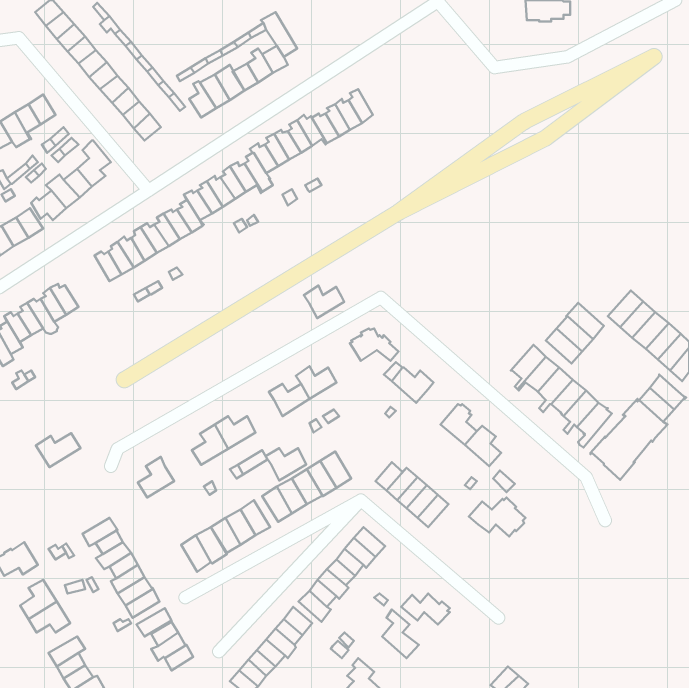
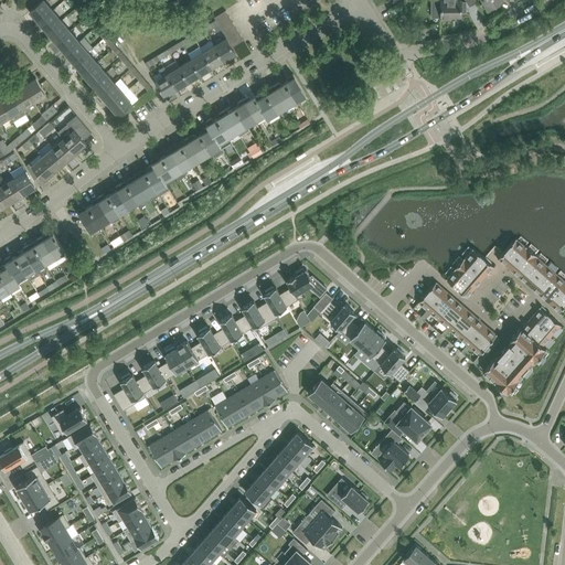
building: [304,286,344,318] -> [264,288,297,315]
building: none -> [340,320,374,349]
building: [36,433,81,467] -> [51,408,87,436]
building: none -> [135,362,164,395]
building: [266,448,306,481] -> [198,329,231,355]
building: none -> [422,388,456,417]
building: none -> [377,430,408,472]
building: none -> [291,522,332,551]

